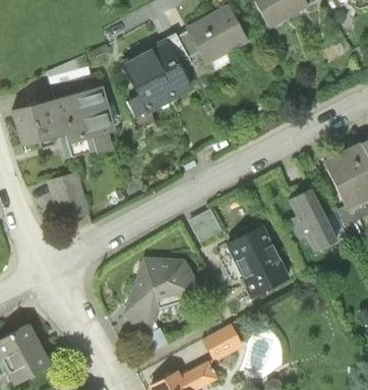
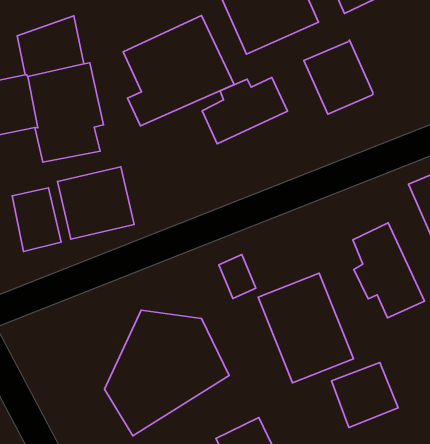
building: none -> [304,40,373,114]
building: none -> [202,77,288,144]
building: none -> [57,167,134,239]
building: none -> [331,362,398,428]

